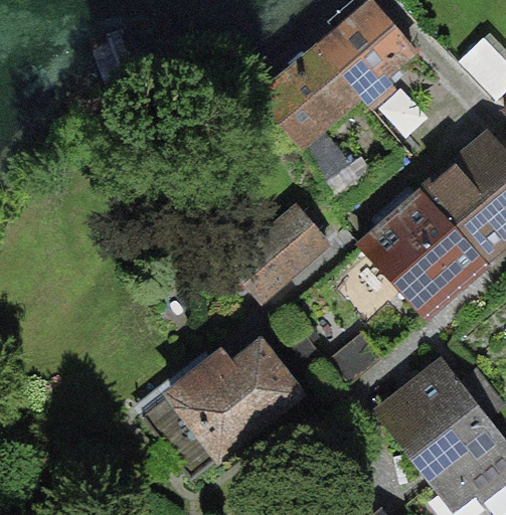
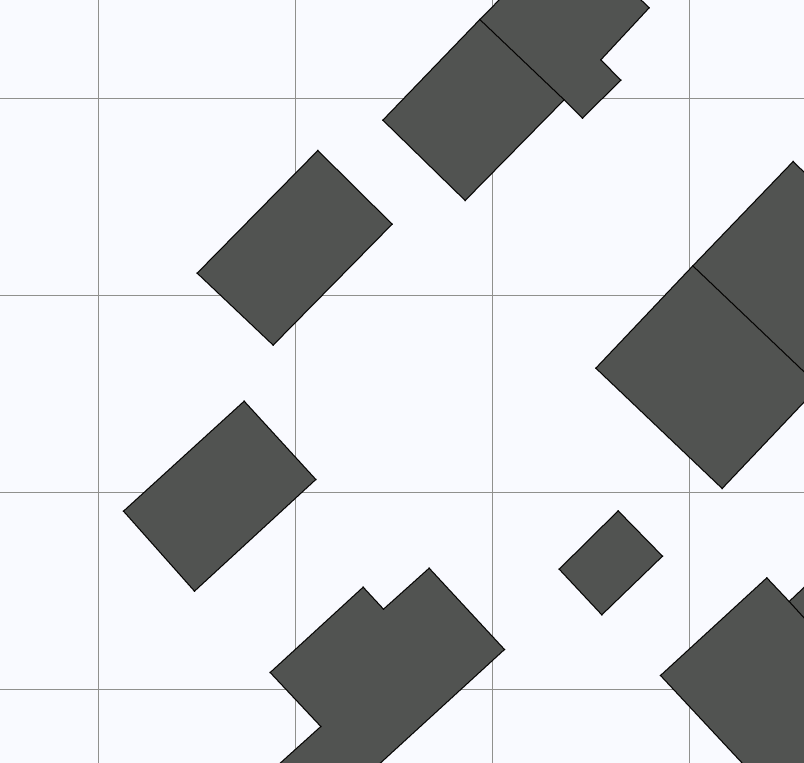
building: [227,192,337,297] -> [197,151,392,345]
building: none -> [123,401,316,591]

